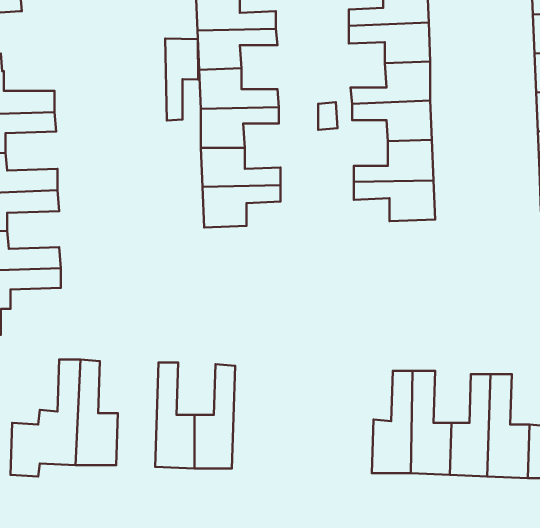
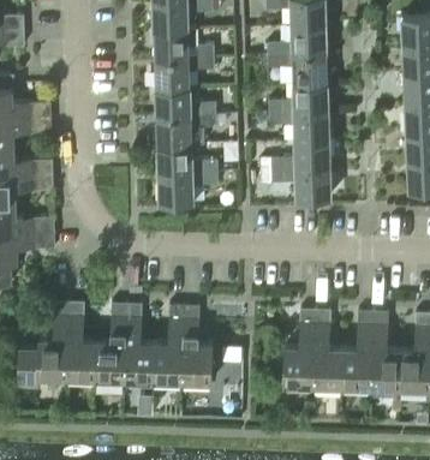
building: [165,38,198,121] -> none
building: none -> [95,304,126,381]
building: none -> [180,306,213,383]

